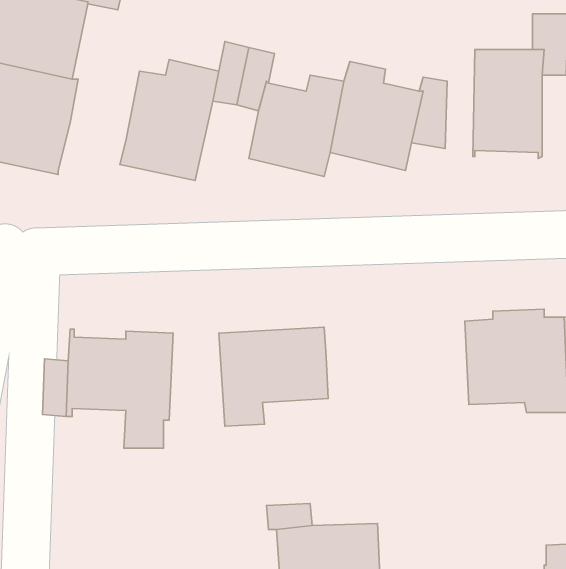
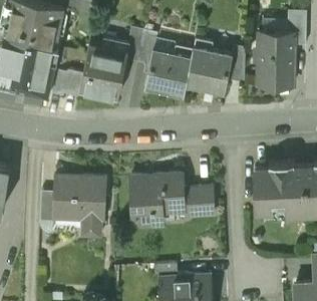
building: none -> [48,69,82,96]
building: none -> [184,186,214,215]

